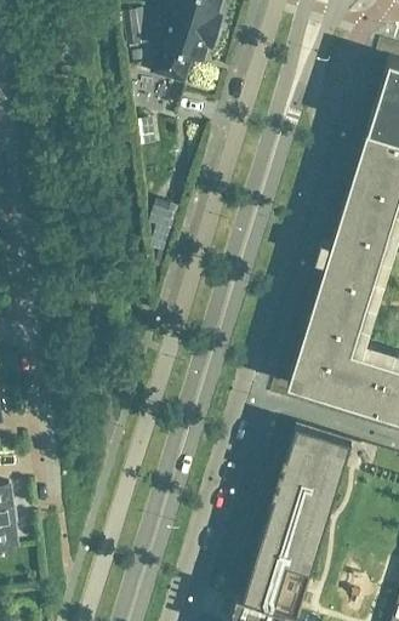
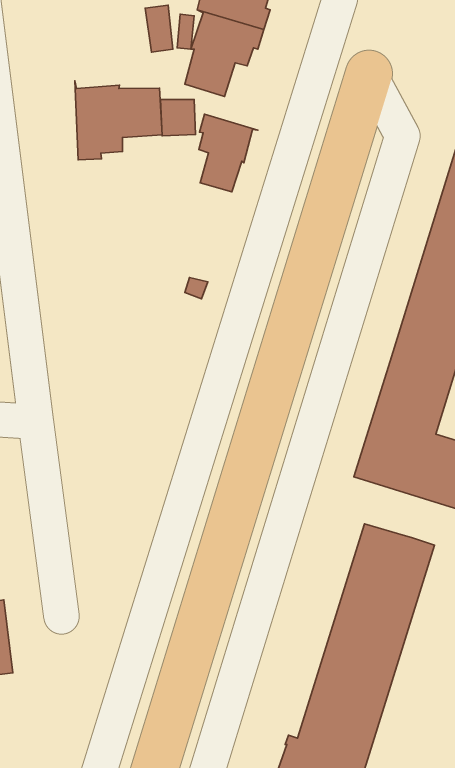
building: none -> [75,81,162,160]
building: none -> [199,114,258,192]

